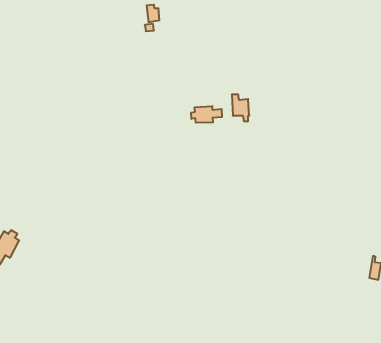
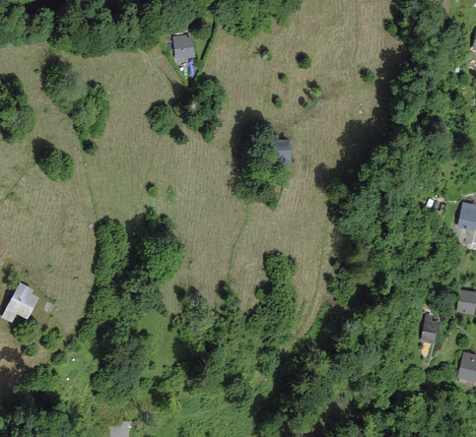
building: [191,106,222,123] -> none

